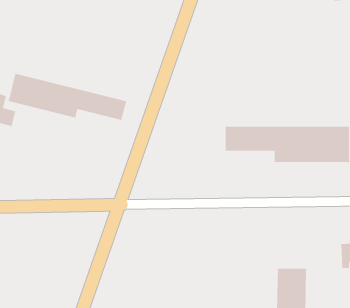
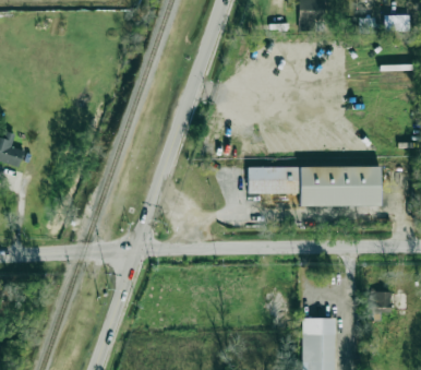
building: [8,73,127,121] -> none

